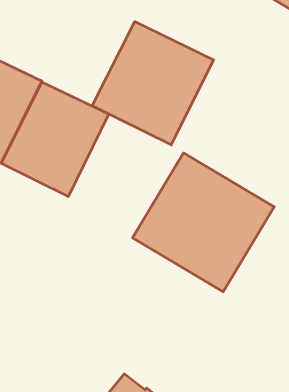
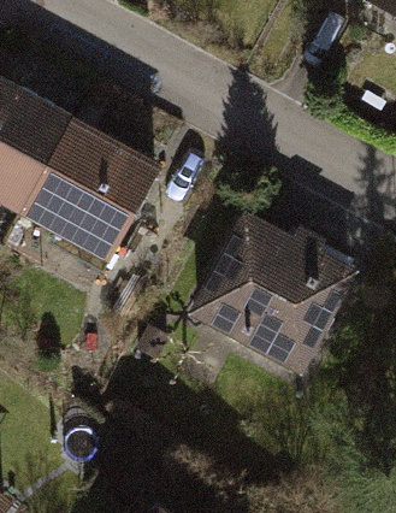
building: [92,22,213,145] -> none

